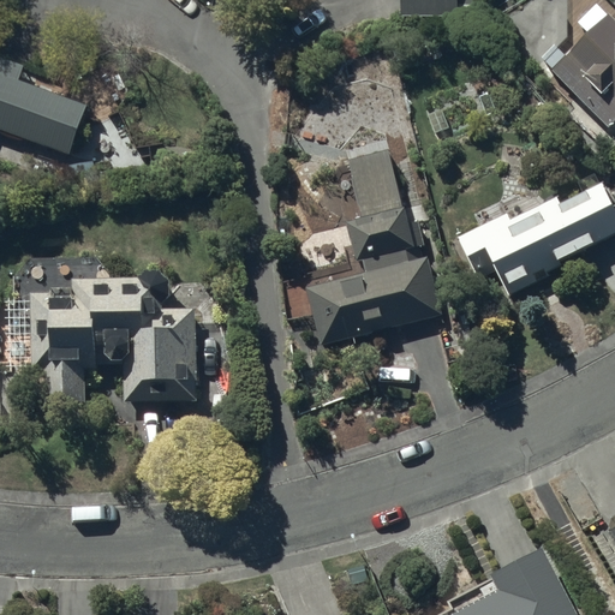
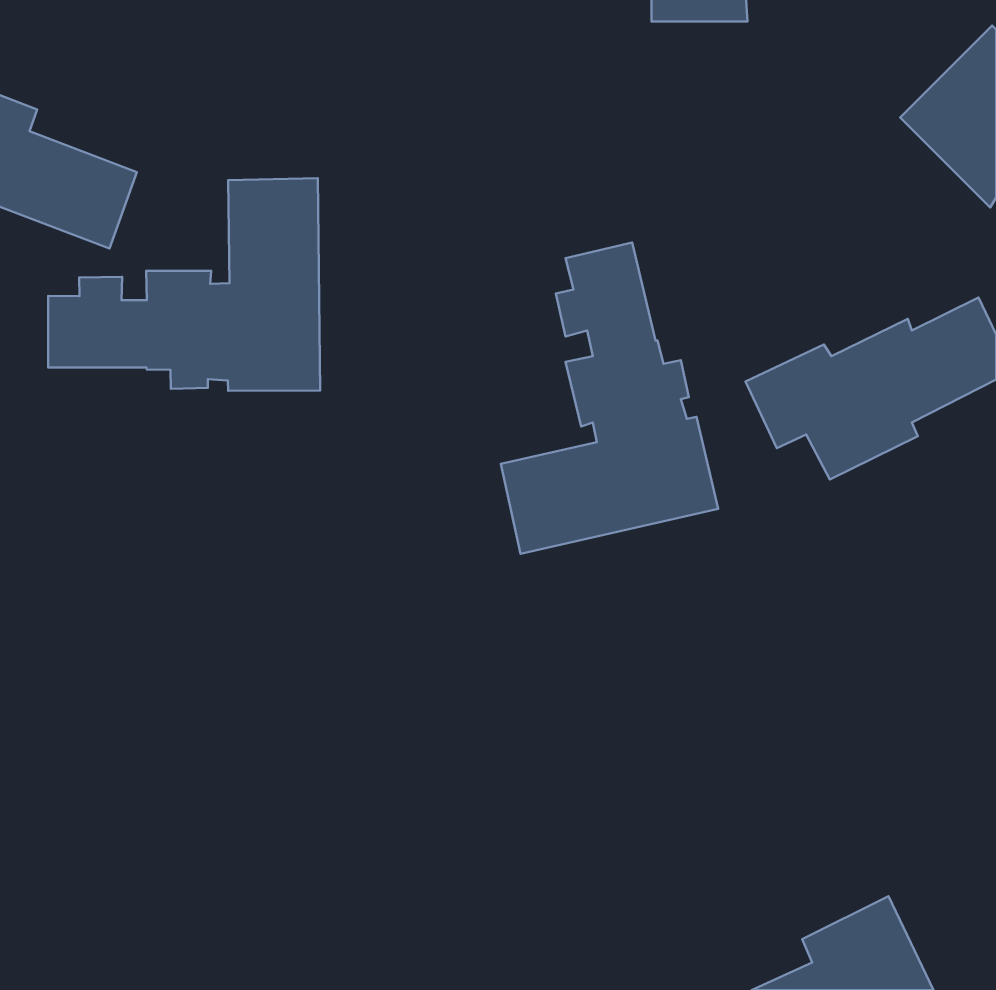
building: none -> [48,178,320,391]
building: [29,271,196,401] -> none

